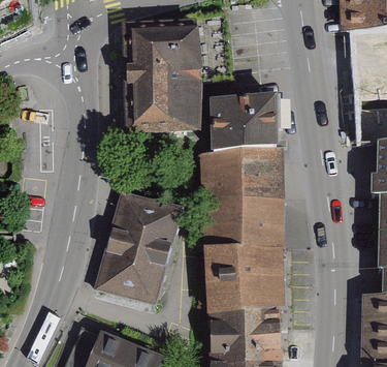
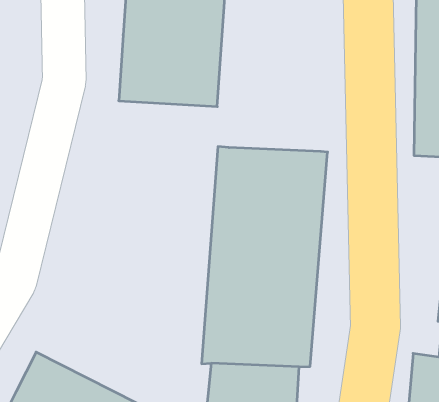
building: [209,101,280,155] -> none
building: [94,193,184,310] -> none

